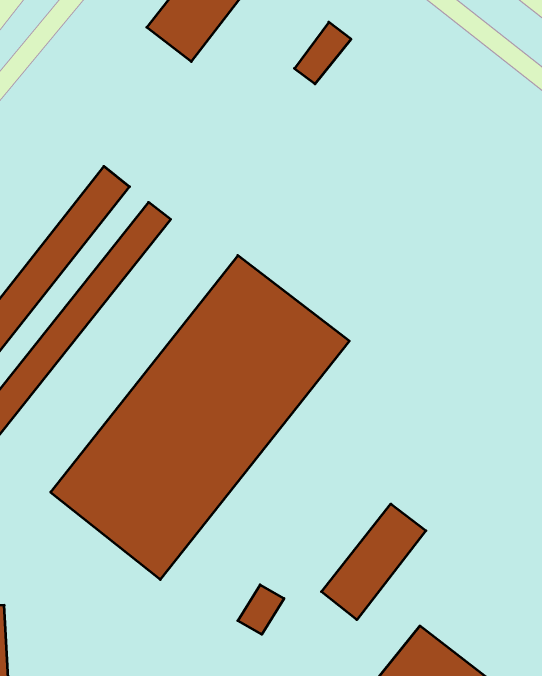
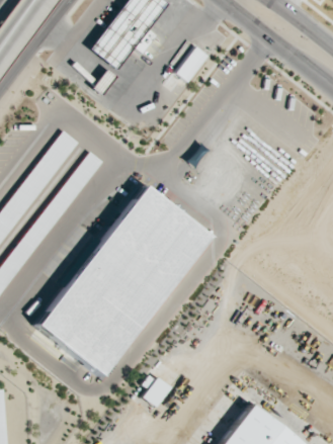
building: [321,504,426,620] -> none

